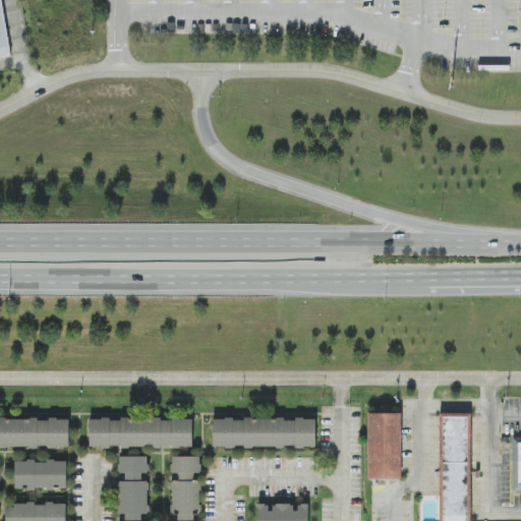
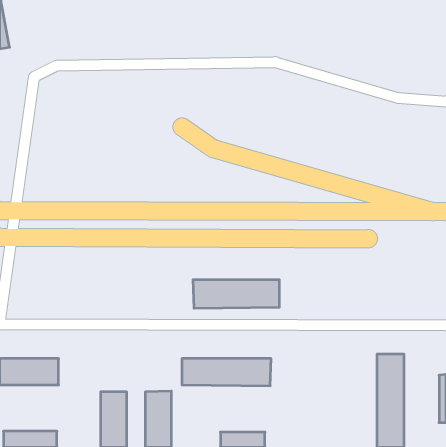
building: none -> [193,280,279,308]
building: [367,412,401,479] -> none
building: [89,416,191,448] -> none
building: [13,459,66,489] -> none

